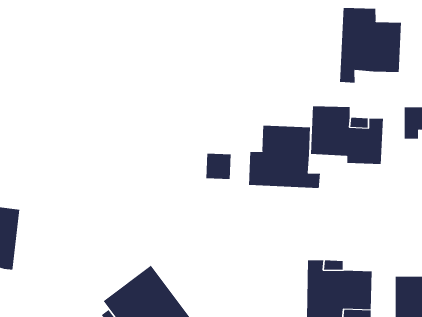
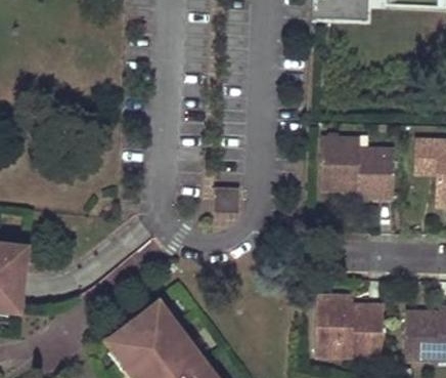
building: [340,7,401,84] -> none
building: [248,125,320,189] -> none

